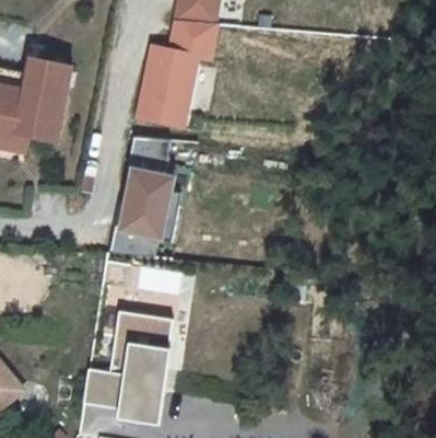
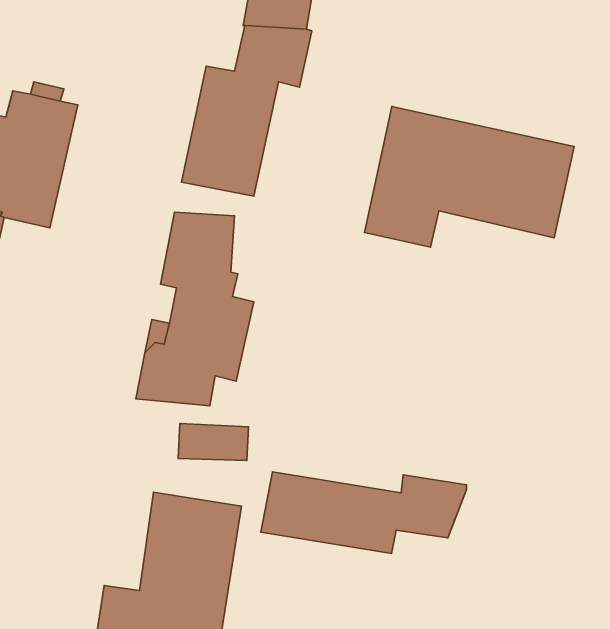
building: none -> [364,107,574,247]
building: none -> [261,472,467,554]

